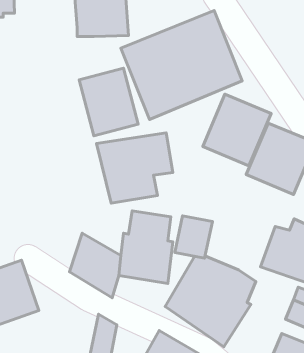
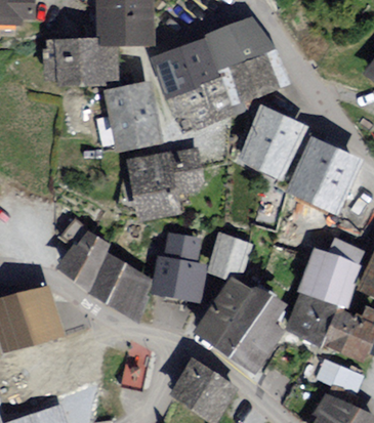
building: none -> [44,35,122,86]
building: none -> [56,228,112,294]
building: none -> [283,291,338,344]

